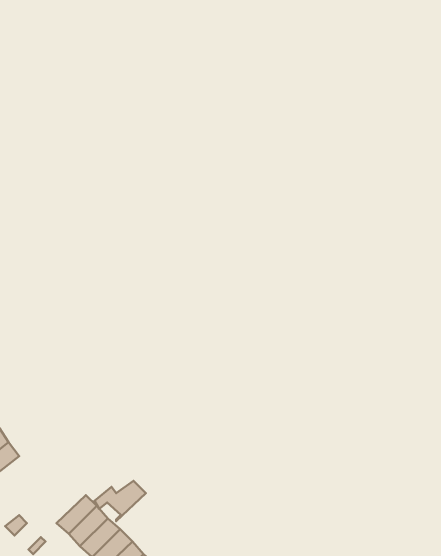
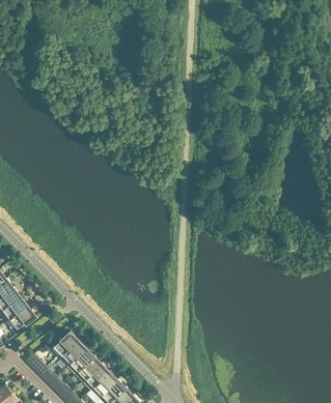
building: [95,481,146,521] -> [45,332,79,358]

